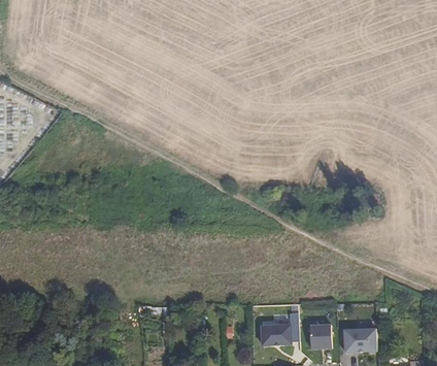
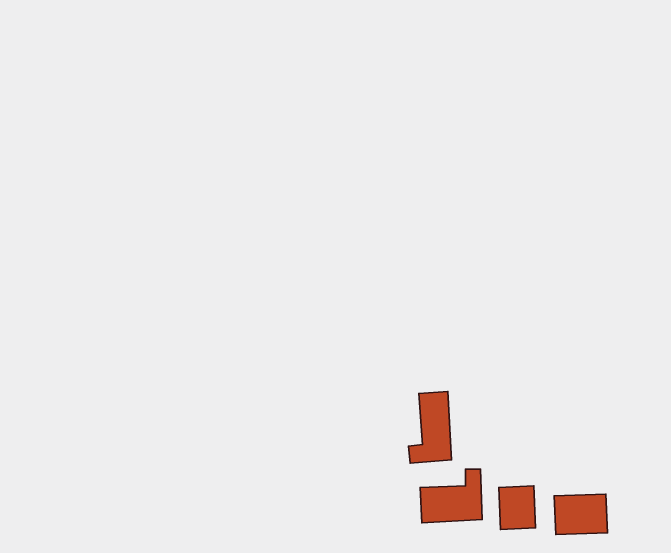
building: none -> [409,392,452,463]

